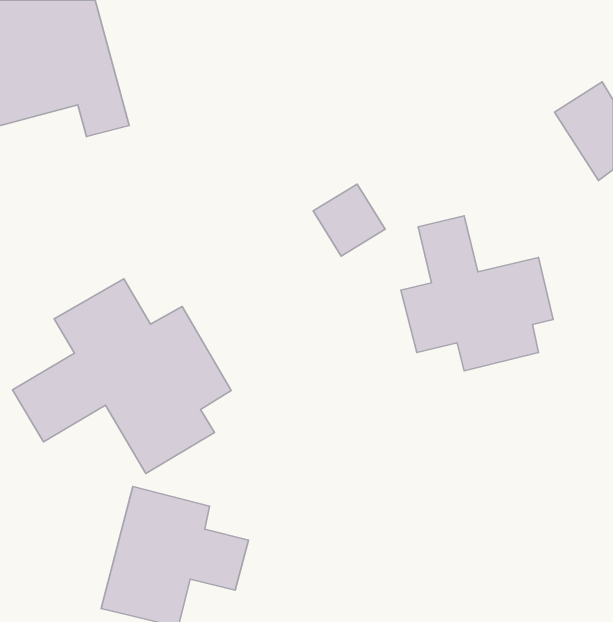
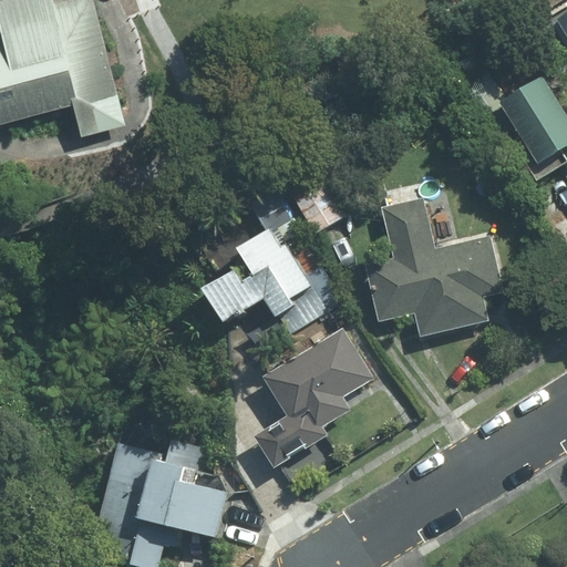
building: none -> [208,228,339,330]
building: [13,279,231,474] -> none
building: none -> [256,328,372,462]

